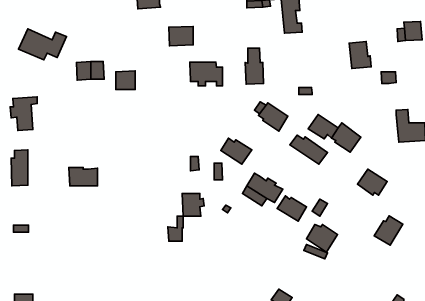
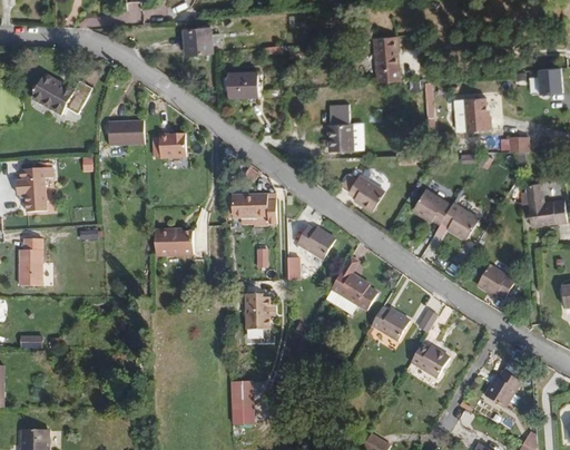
building: [190,62,222,86] -> [232,193,275,224]
building: [290,135,327,164] -> none
building: [69,167,97,186] -> [155,229,193,254]
building: [374,216,403,245] -> [482,369,520,408]
building: [168,216,183,241] -> [234,387,254,420]

